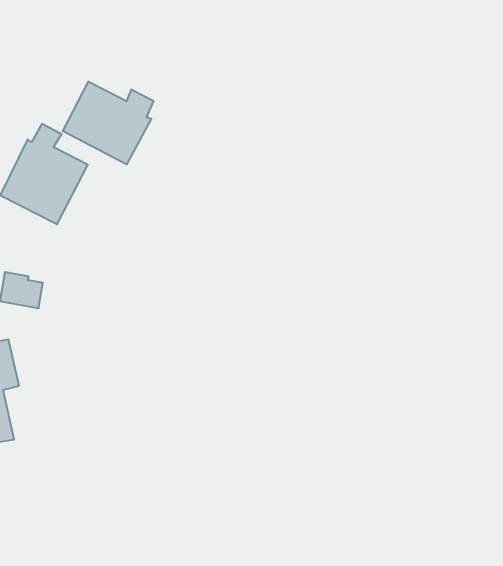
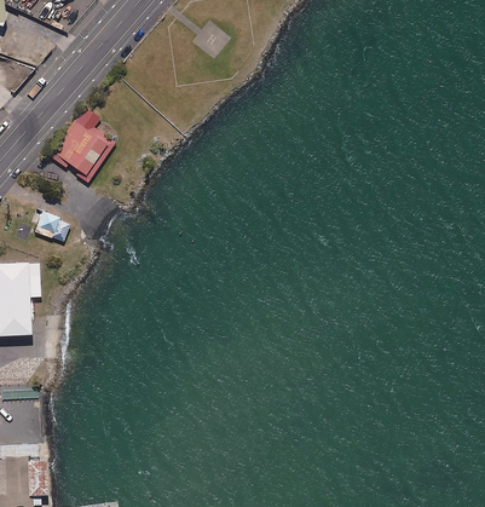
building: [63,82,153,164] -> none

